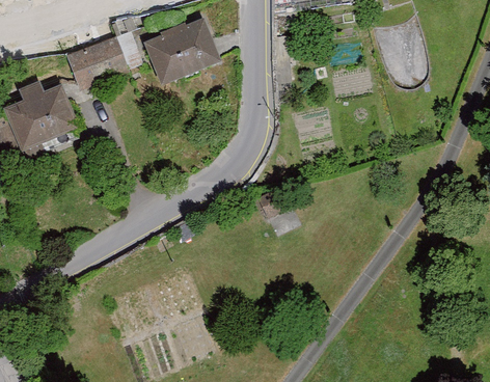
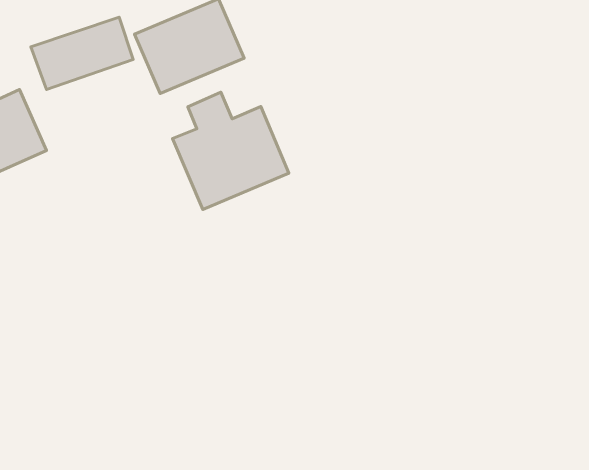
building: none -> [172,92,289,210]

